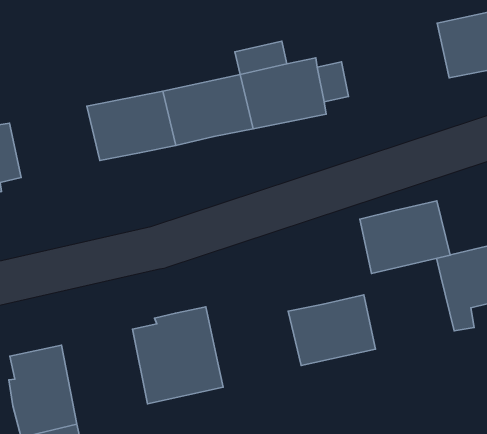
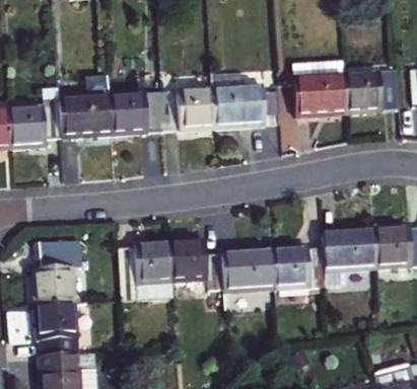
building: none -> [297,78,350,118]
building: none -> [61,96,116,136]
building: [360,201,450,274] -> [273,242,328,283]
building: none -> [169,236,225,287]

